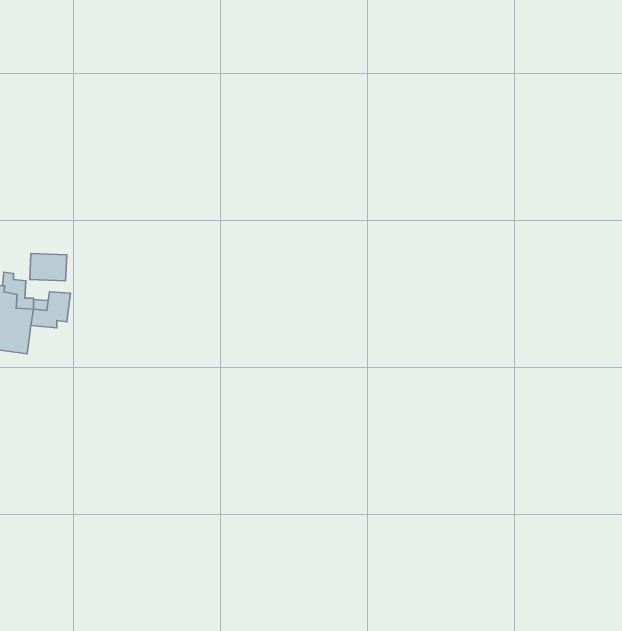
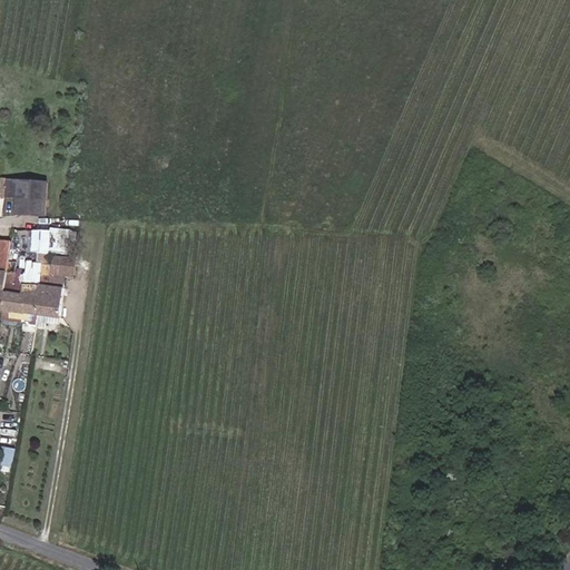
building: none -> [4,177,36,216]
building: none -> [24,294,51,322]

